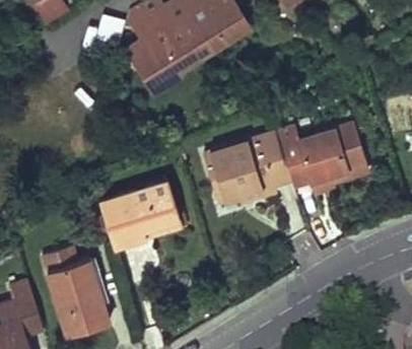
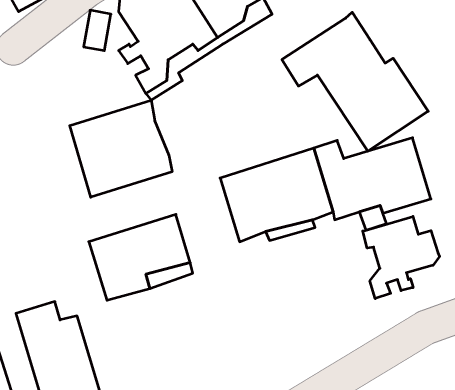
building: none -> [282,12,428,151]
building: none -> [70,100,172,197]
building: none -> [363,216,440,299]

